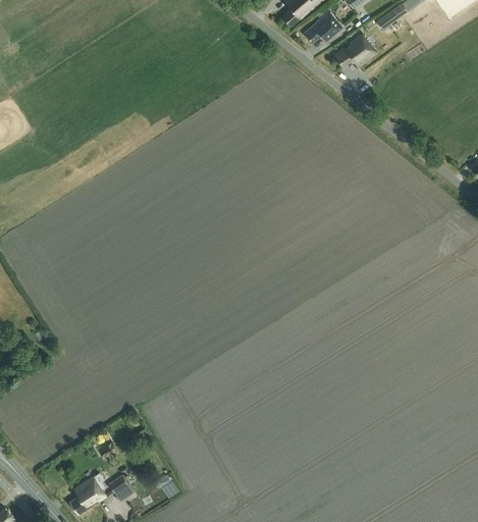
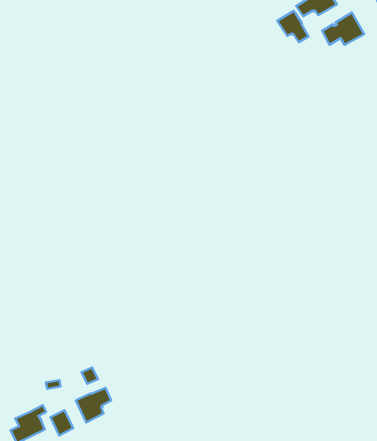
building: none -> [277,11,309,42]
building: none -> [76,388,111,422]

